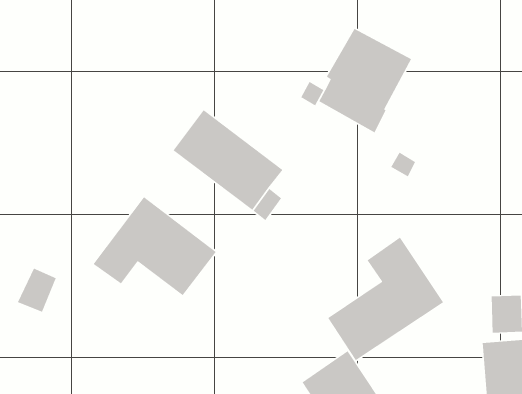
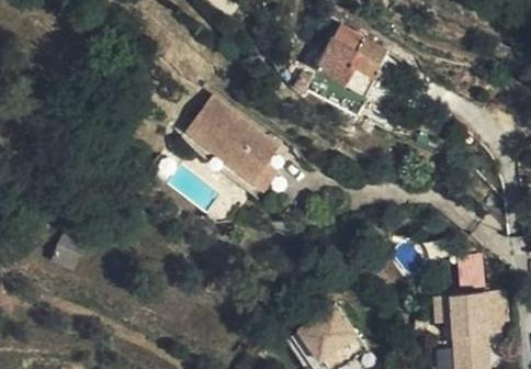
building: [92,196,217,296] -> none
building: [327,237,444,361] -> none

